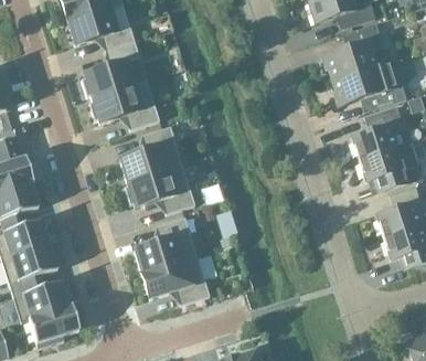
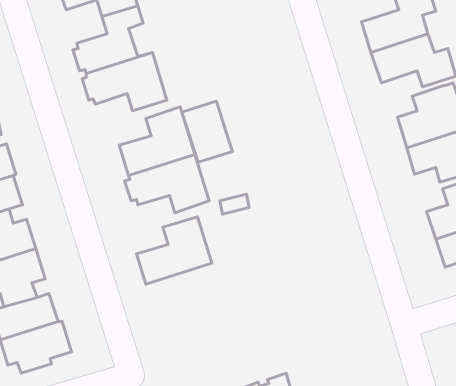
building: none -> [182,101,233,162]
building: [141,256,209,305] -> none

